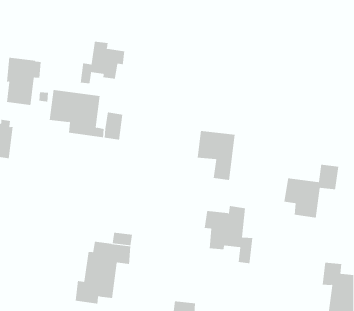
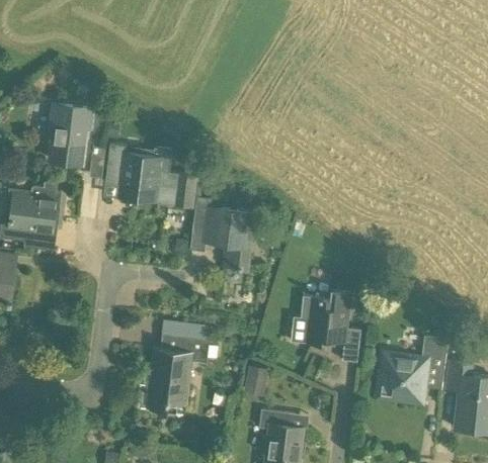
building: [80,41,125,84] -> none
building: [197,130,236,181] -> [205,207,253,270]
building: [283,164,339,218] -> [378,336,448,403]
building: none -> [243,366,268,396]

